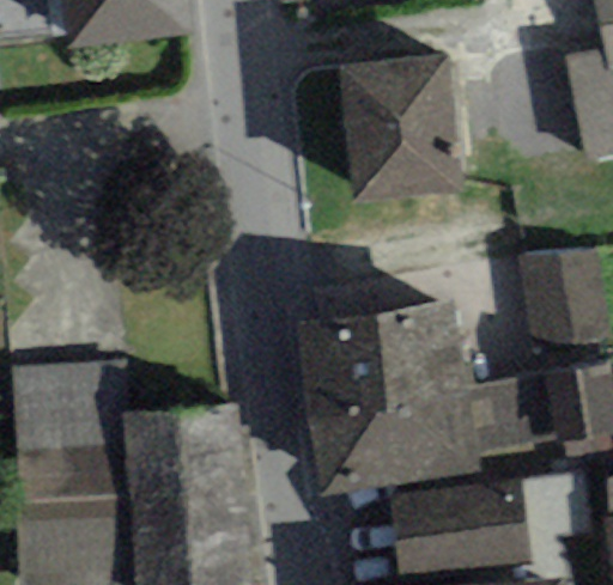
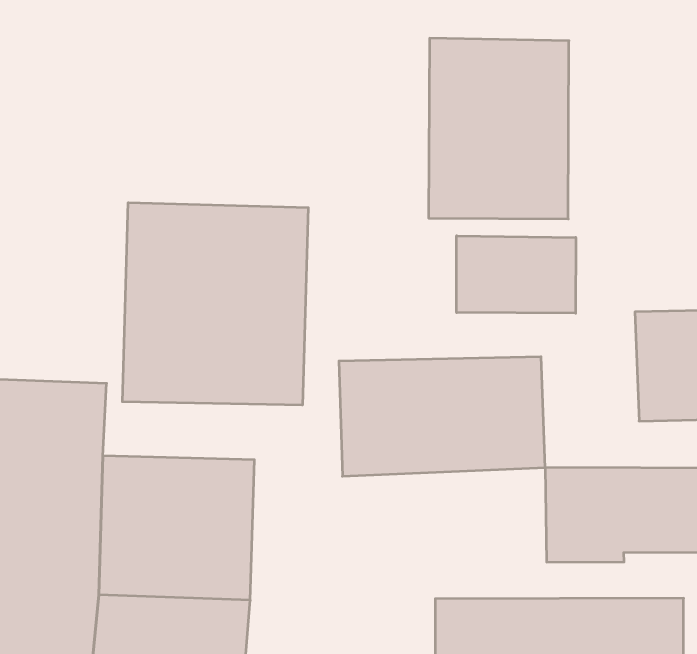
building: none -> [457,236,576,313]
building: none -> [122,203,308,405]
building: [309,384,477,494] -> none

